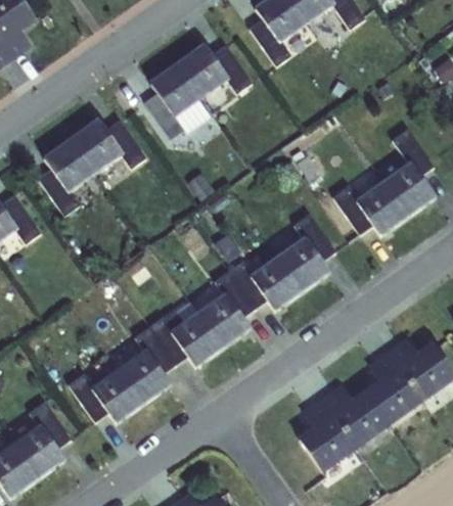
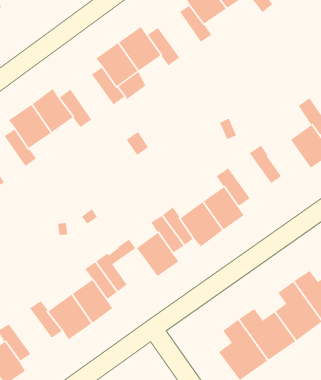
building: [356,181,408,235] -> none
building: [170,312,223,367] -> none

